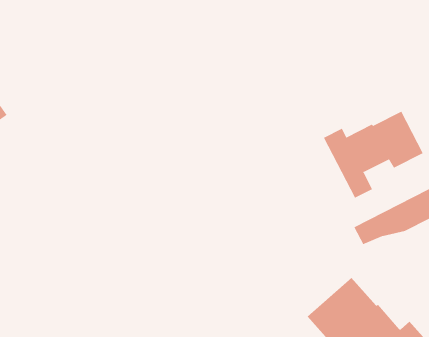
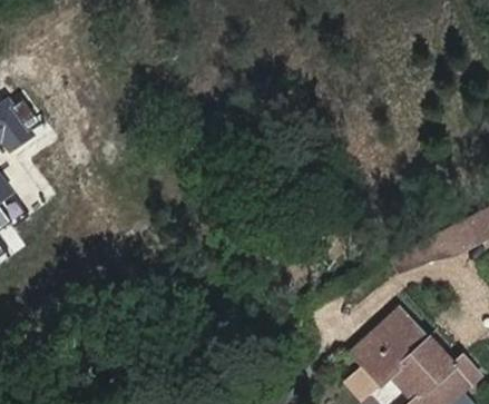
building: [323,111,423,199] -> none

